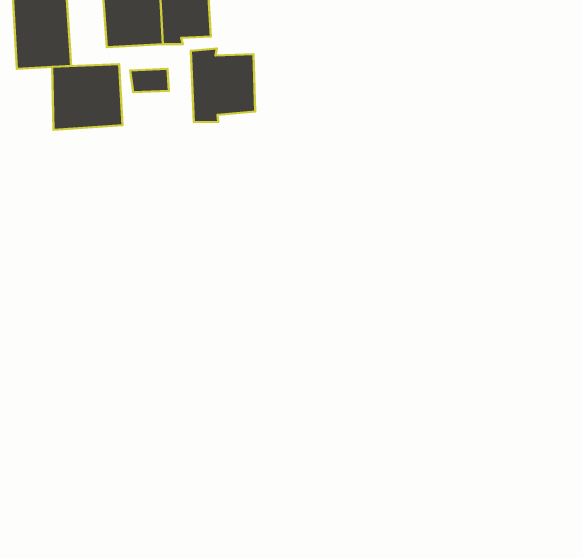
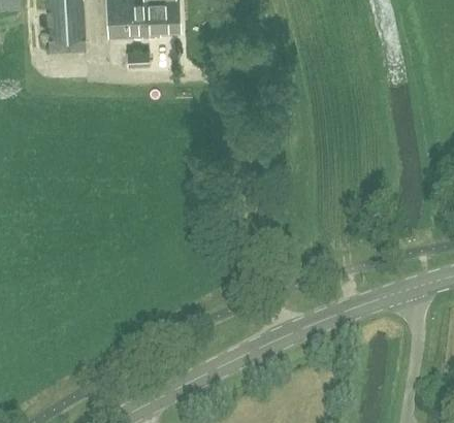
building: [191,48,255,122] -> none
building: [52,64,123,130] -> none

